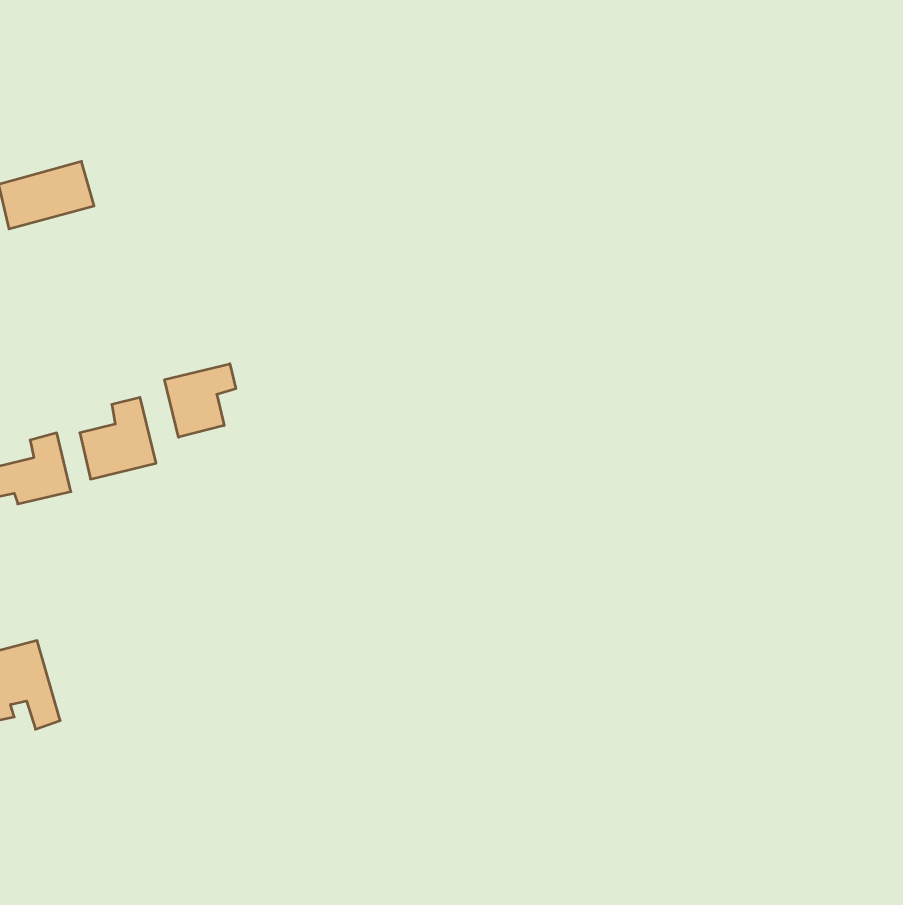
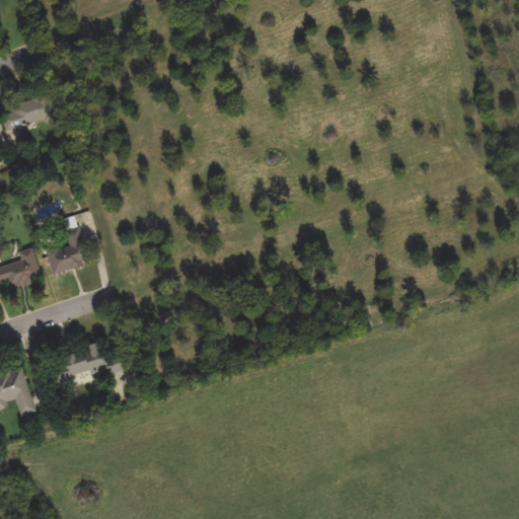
building: [165,364,236,437] -> none
building: none -> [49,344,122,384]

